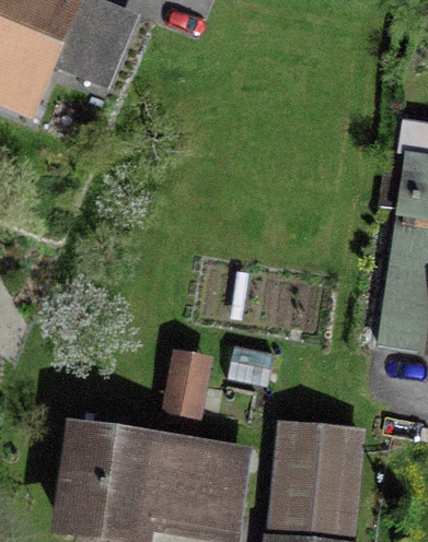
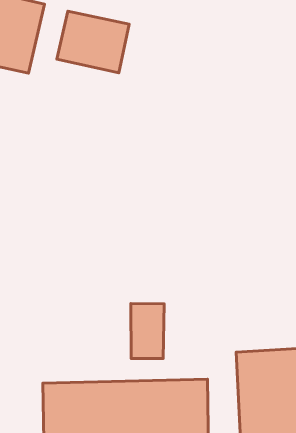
building: none -> [57,11,129,73]

